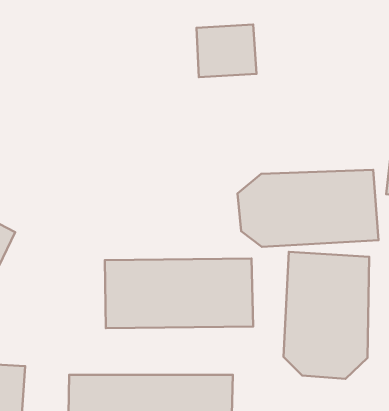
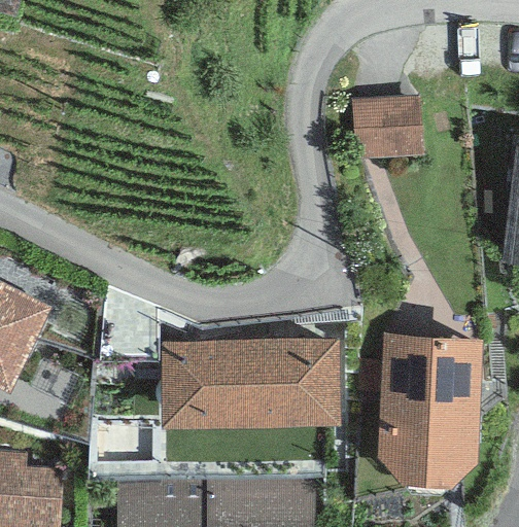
building: [196,25,256,77] -> [353,98,426,162]
building: [238,170,379,247] -> none

